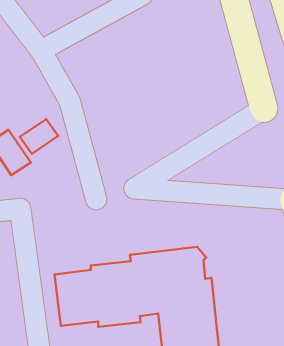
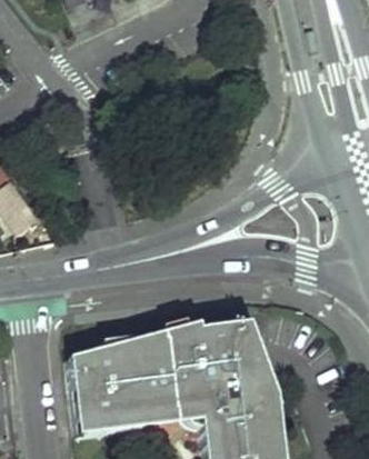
building: [20,119,58,154] -> none

